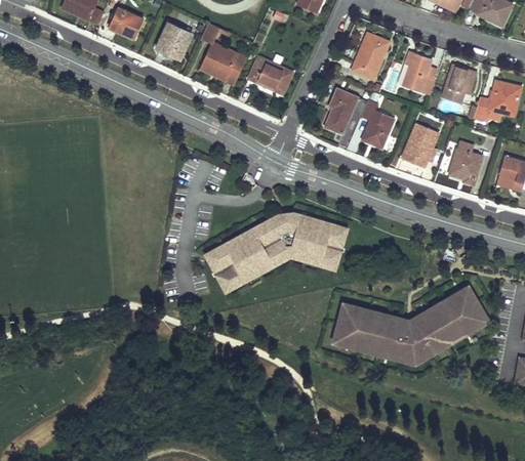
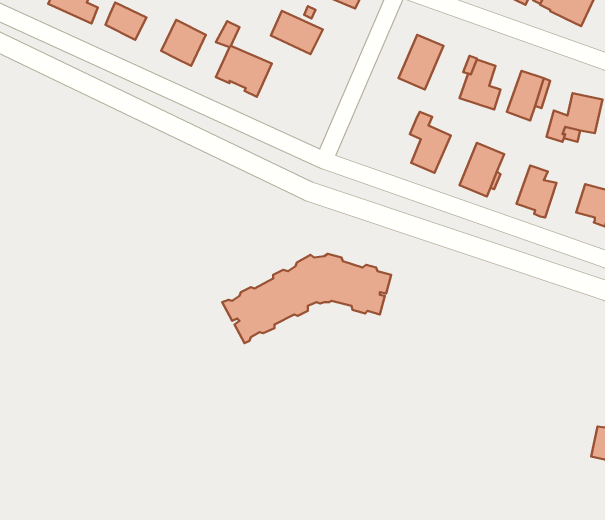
building: [249,57,292,93] -> [271,11,323,54]
building: [324,88,367,133] -> none
building: [334,286,487,360] -> none

